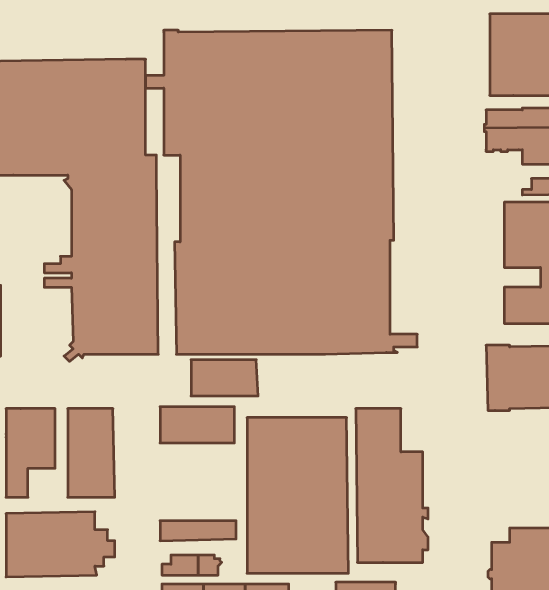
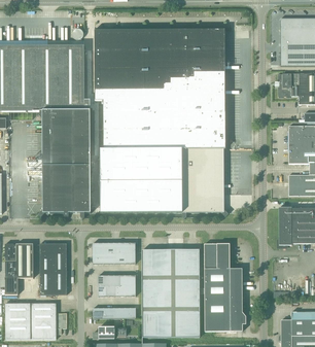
building: [191,360,258,396] -> [98,275,136,296]

